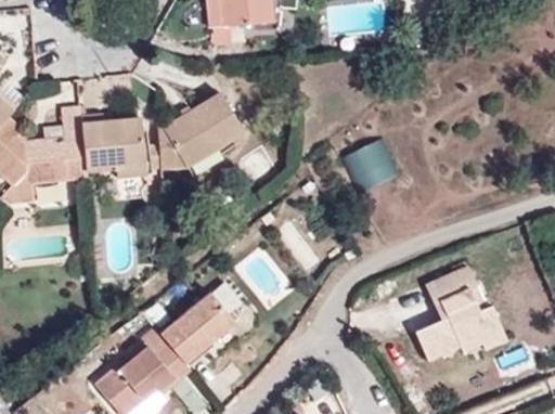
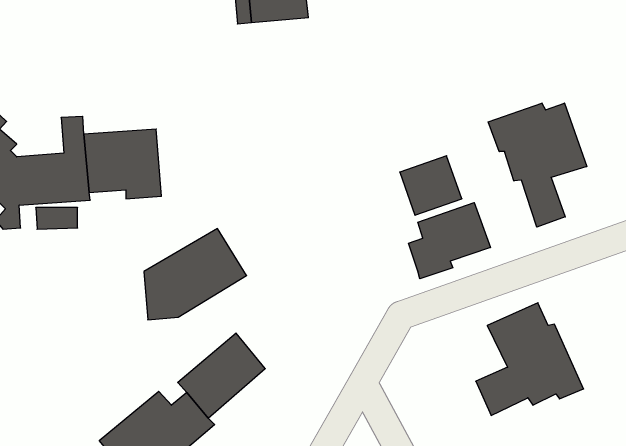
building: [157,92,245,170] -> [144,229,247,320]
building: none -> [488,103,587,227]
building: none -> [408,203,490,279]

